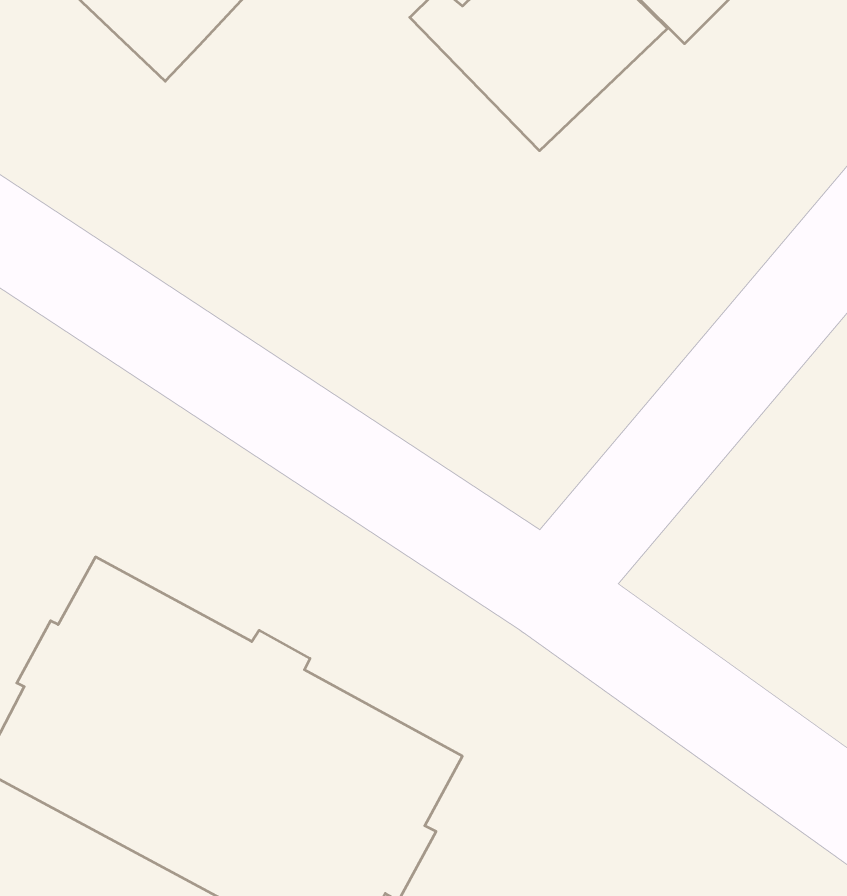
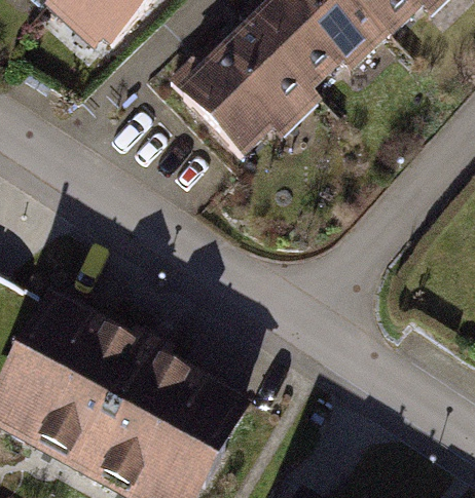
building: none -> [163,24,304,152]

